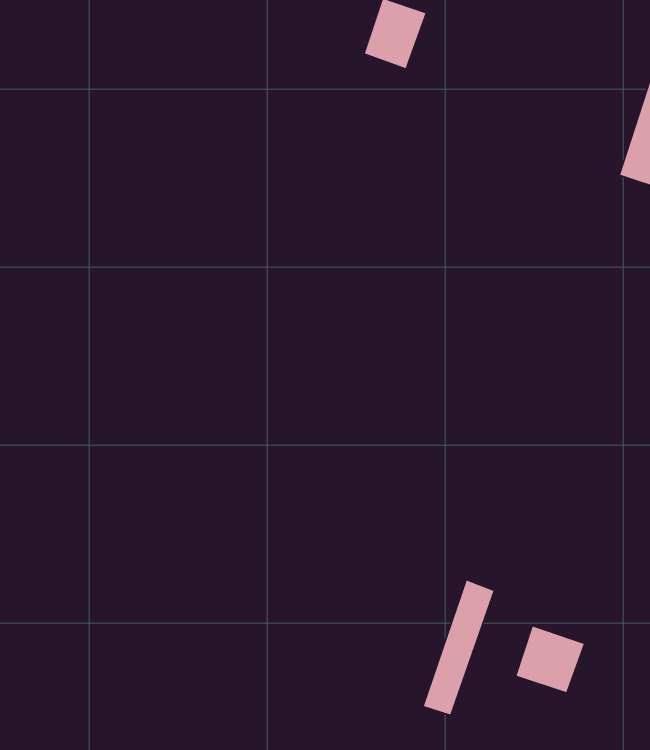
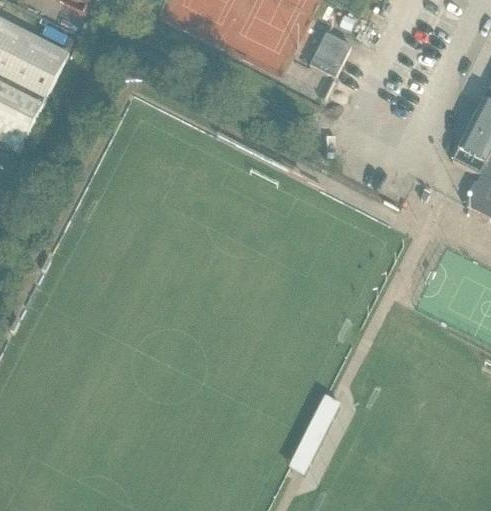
building: [515,626,585,693] -> none

